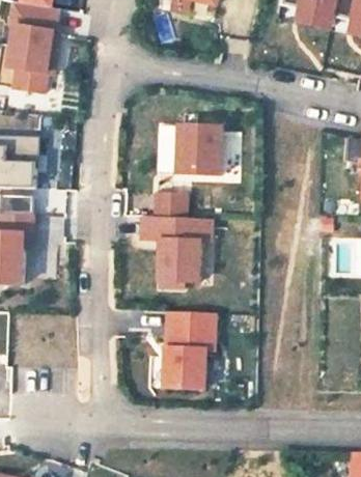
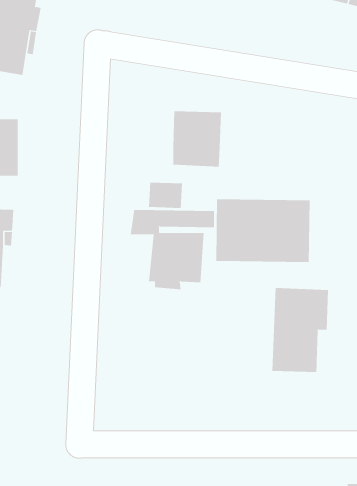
building: none -> [216,199,310,263]
building: [162,312,214,389] -> [271,288,329,372]

